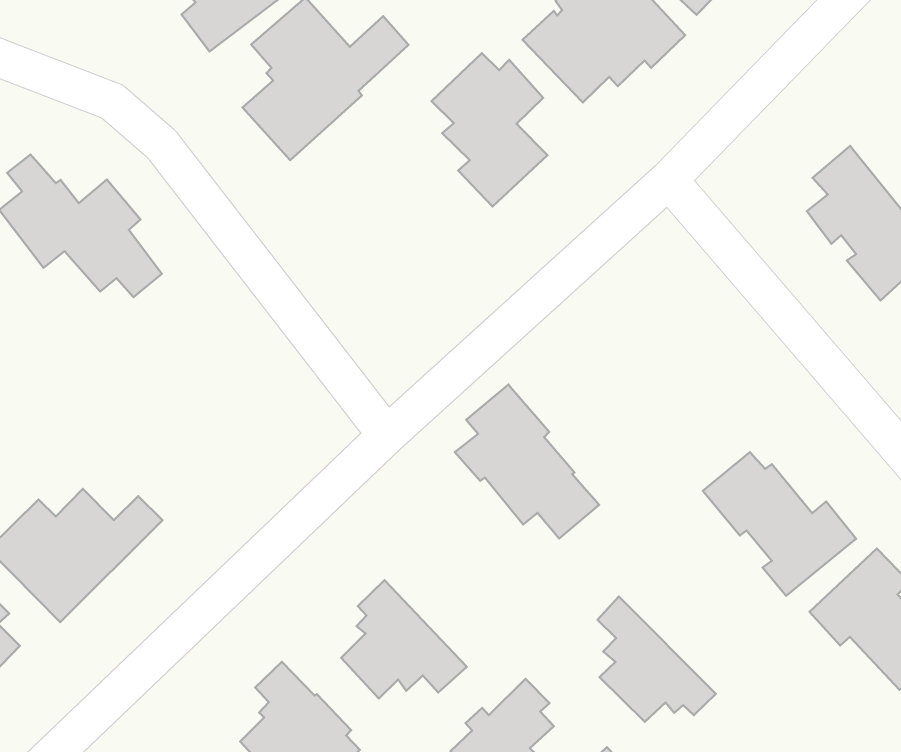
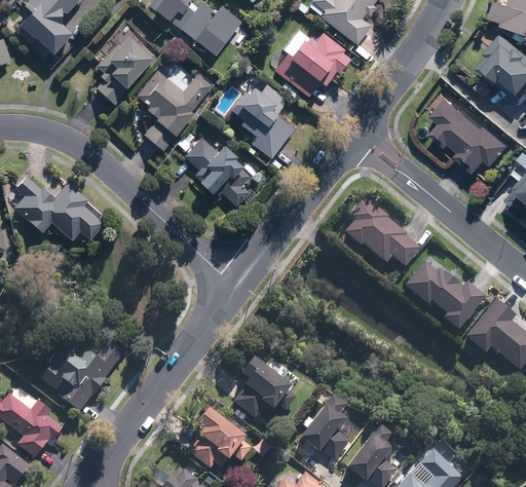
building: none -> [178,130,251,207]
building: [455,385,599,539] -> [343,194,421,268]
building: [597,596,716,722] -> none

